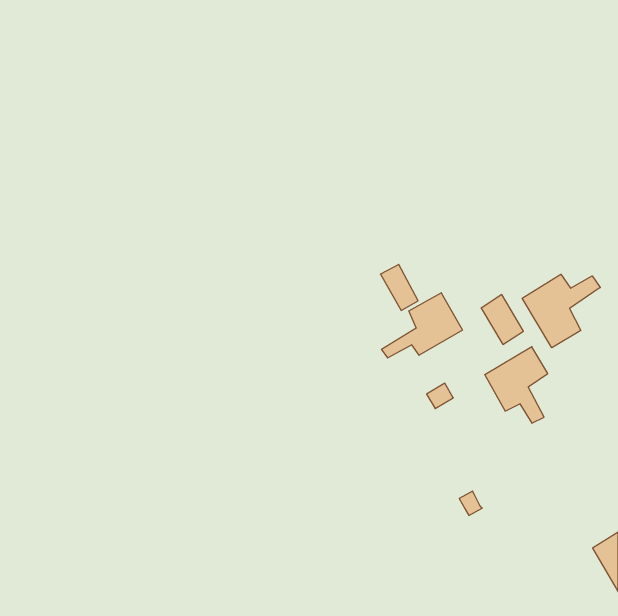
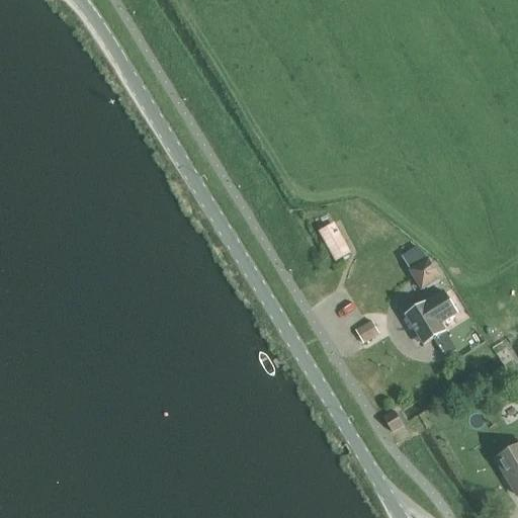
building: [522,274,600,348] -> none
building: [382,293,462,358] -> none

